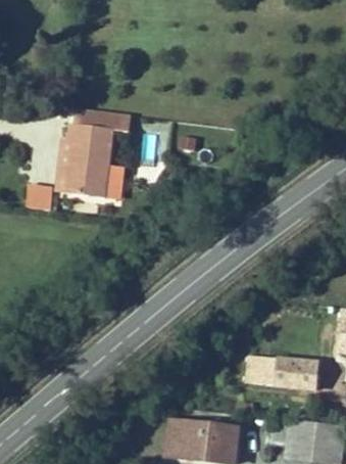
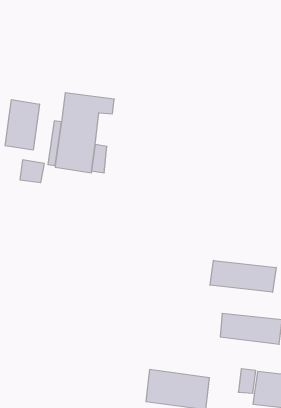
building: none -> [5,100,39,150]
building: none -> [210,260,276,292]

